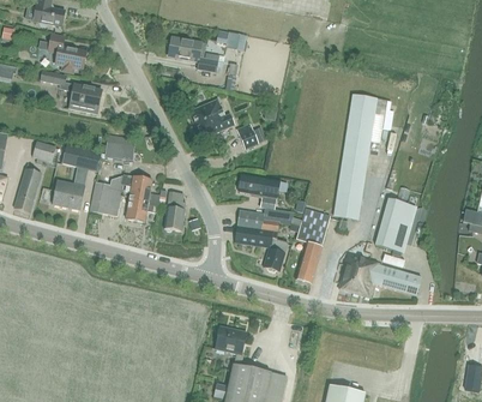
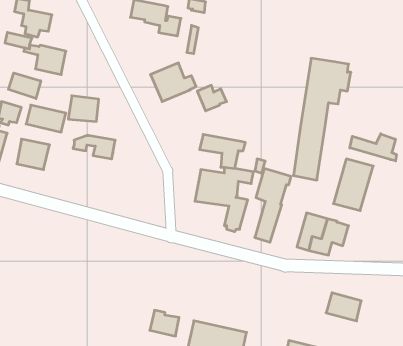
building: none -> [8,73,41,99]
building: none -> [350,134,396,161]
building: [89,181,122,215] -> none
building: [163,190,185,230] -> none
building: [126,192,159,221] -> none
building: [385,266,421,295] -> [326,293,361,321]
building: [215,326,245,353] -> [150,310,179,336]

